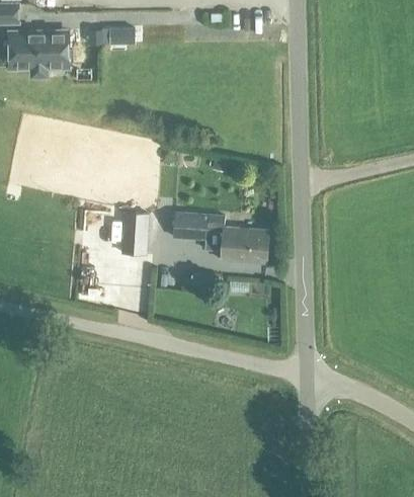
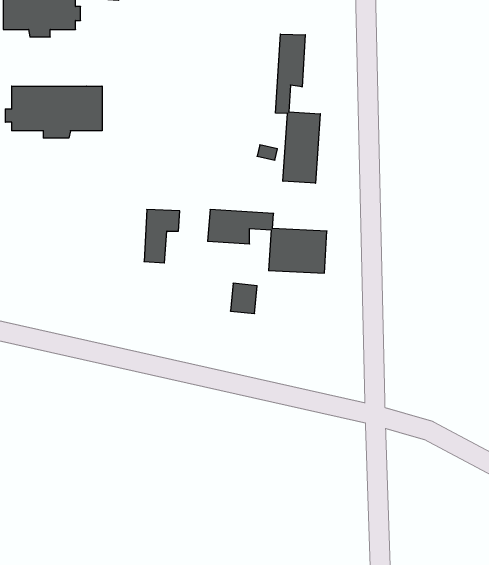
building: none -> [276,34,320,183]
building: none -> [5,86,102,138]

